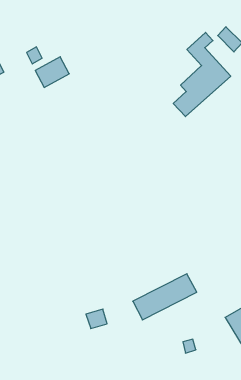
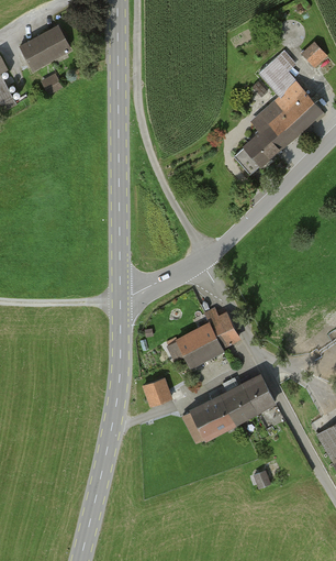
building: [35,57,69,87] -> [21,26,67,68]
building: none -> [175,316,238,365]
building: [86,309,107,329] -> [143,380,171,406]

